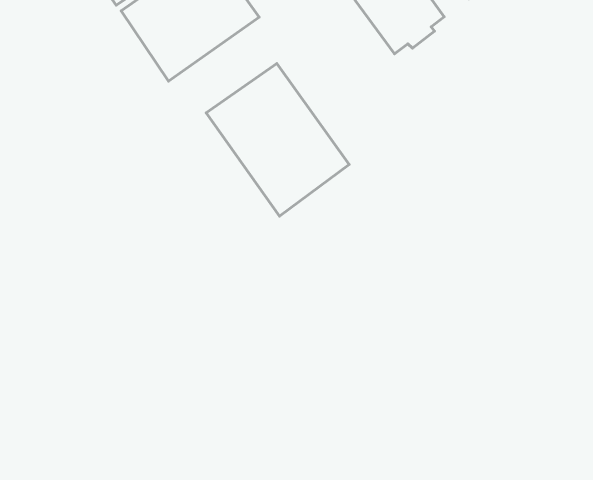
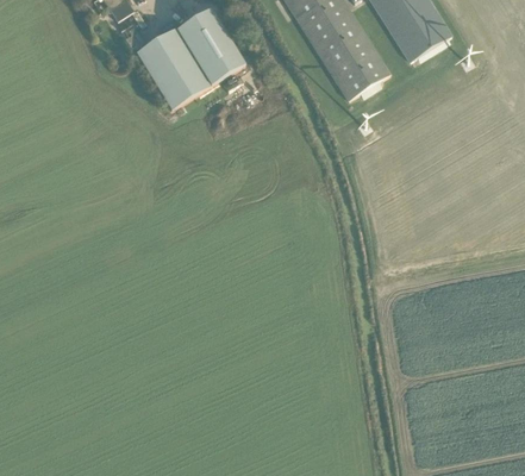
building: [206,63,349,216] -> none

